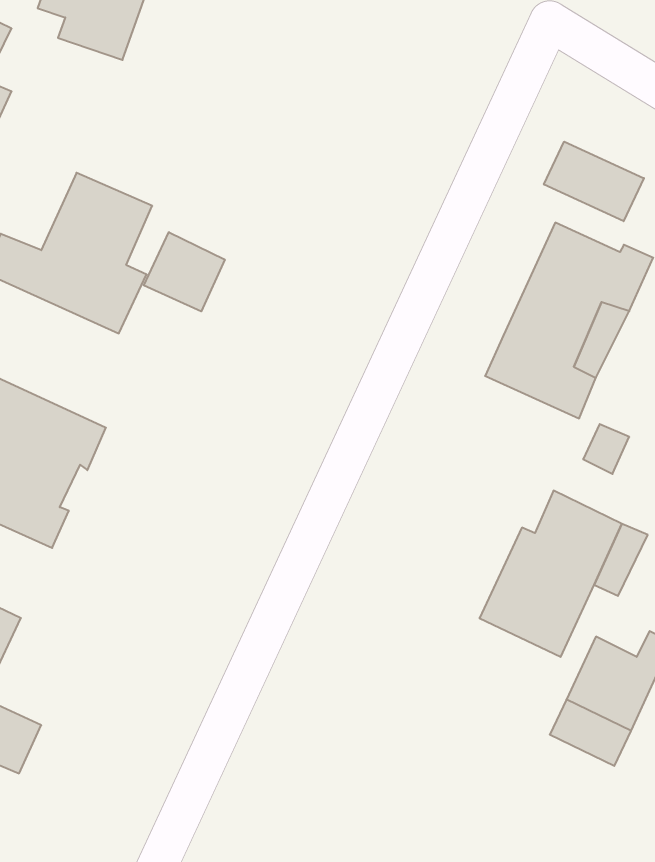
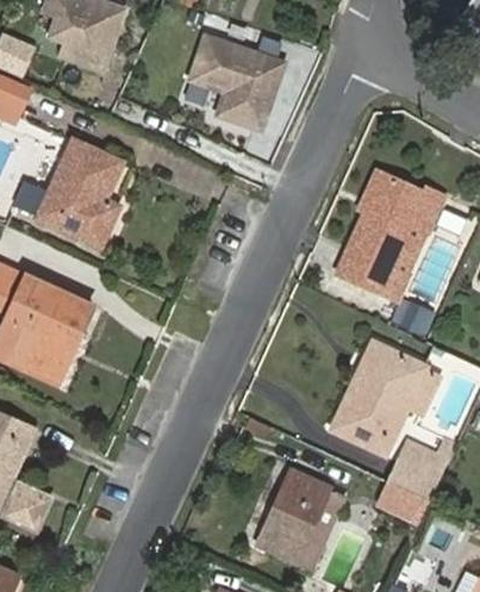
building: none -> [191,36,282,127]
building: [544,142,644,221] -> none
building: [144,232,225,311] -> none
building: none -> [257,471,343,567]

